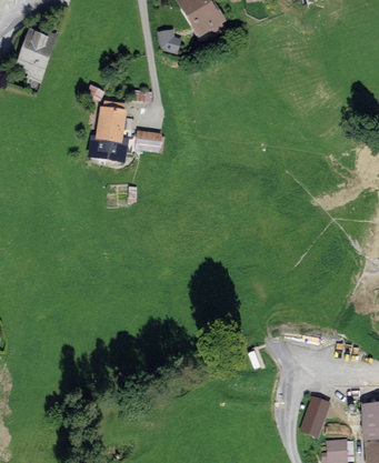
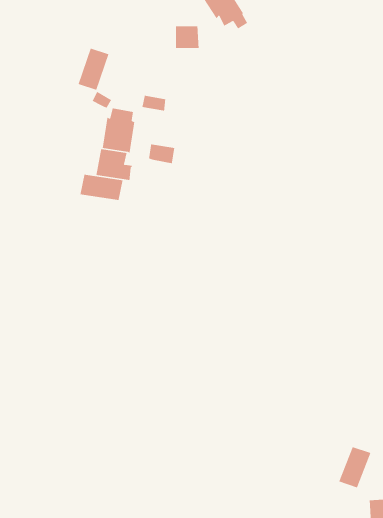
building: [22,34,50,72] -> [77,47,110,91]
building: none -> [80,174,124,201]

